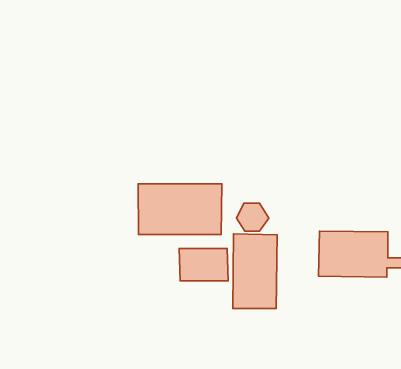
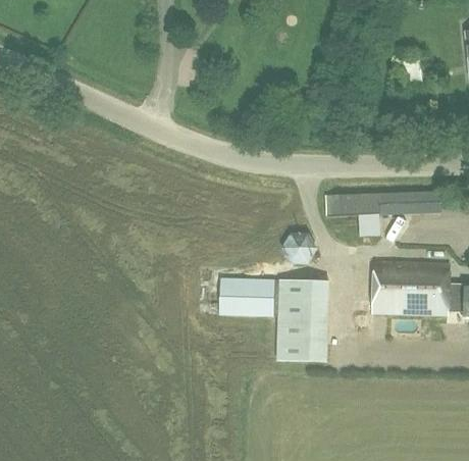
building: none -> [323,191,441,235]
building: [138,184,222,234] -> none

